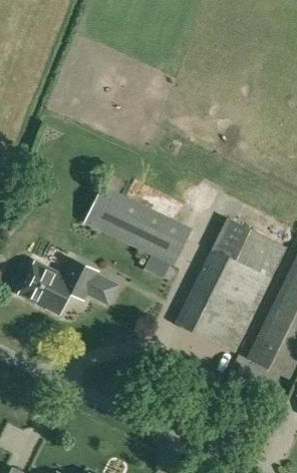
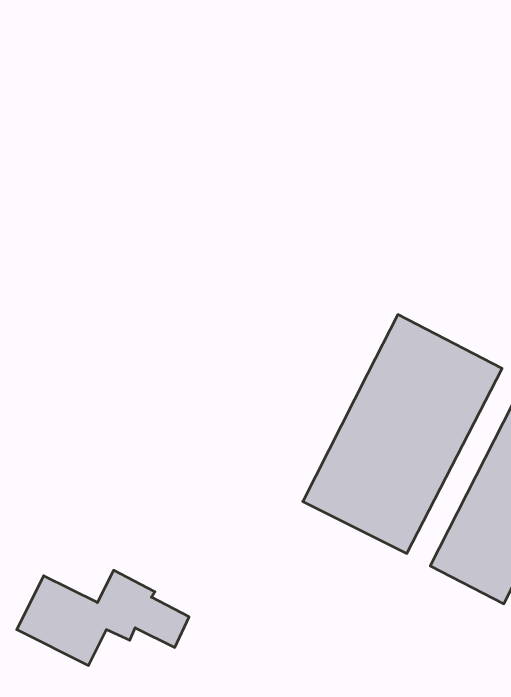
building: [84,183,190,265] -> none
building: [18,260,114,313] -> [17,570,189,665]

